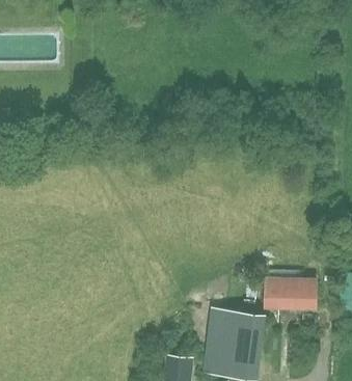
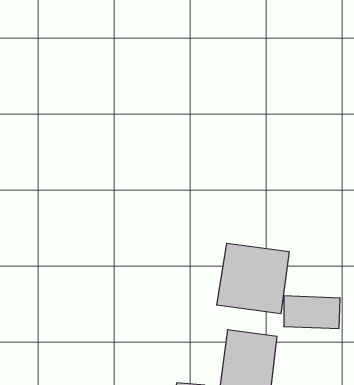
building: none -> [217,243,289,314]

